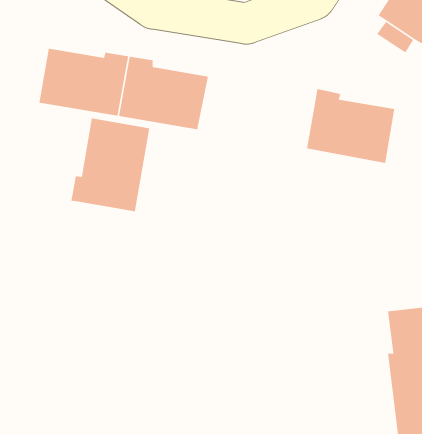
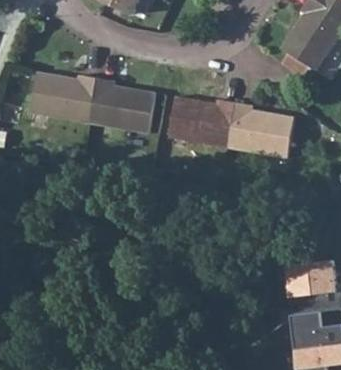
building: none -> [167,95,235,146]
building: [71,117,150,212] -> none

